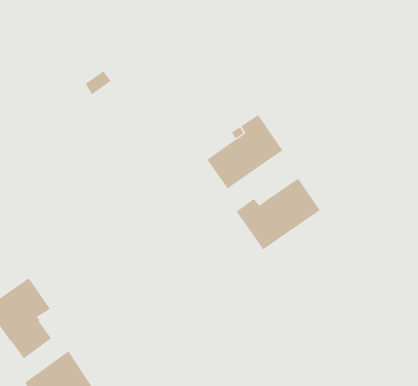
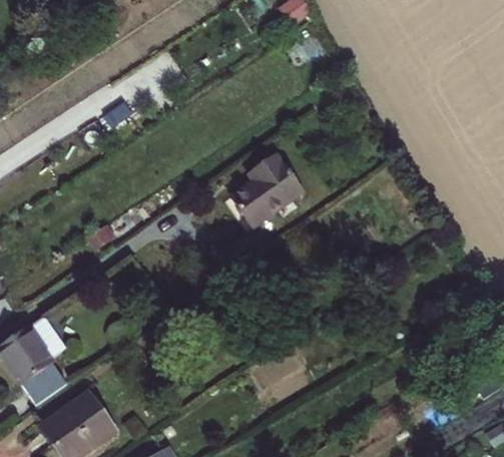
building: [236,178,320,250] -> none

